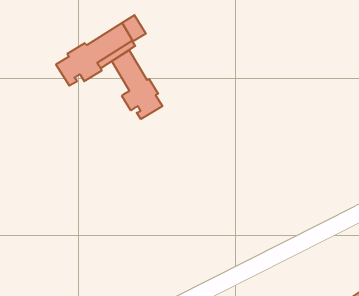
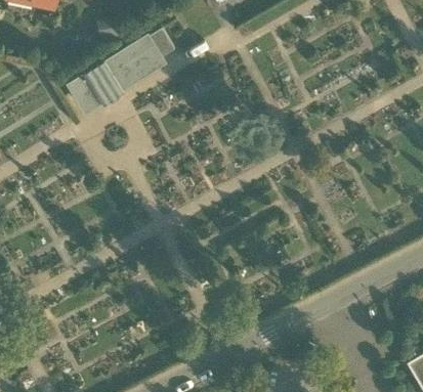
building: [112,50,162,119] -> none

